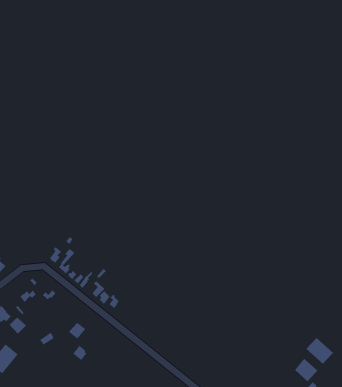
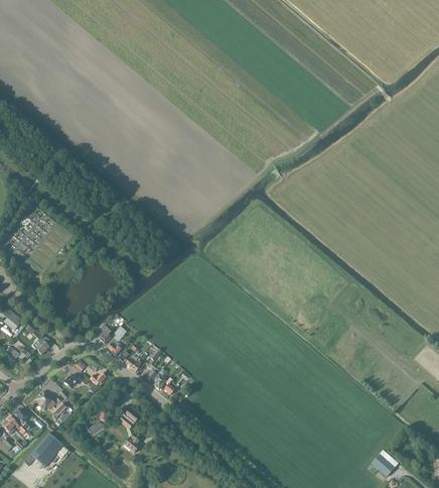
building: [306,337,334,365] -> none

